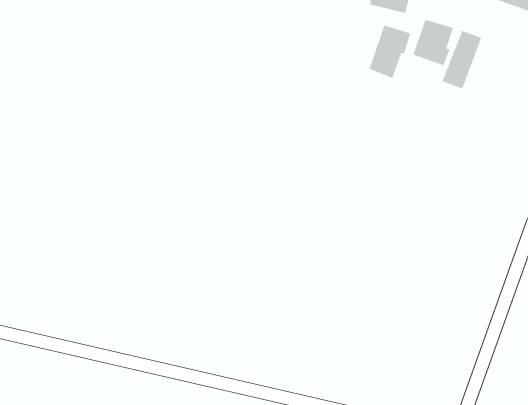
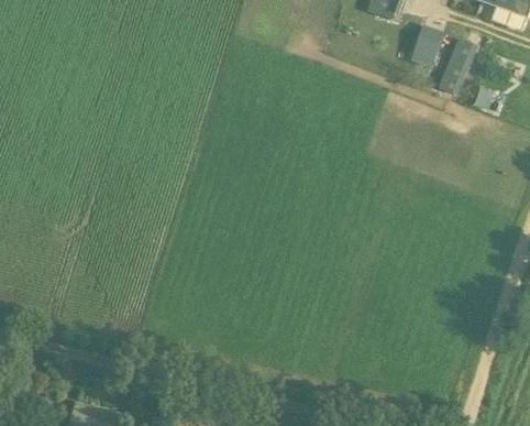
building: [369,24,411,79] -> none

